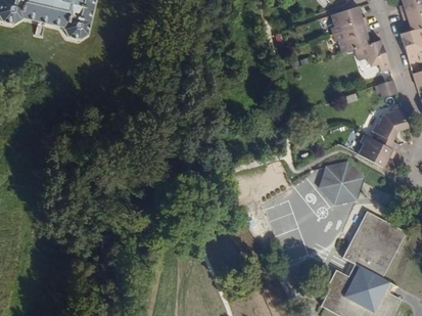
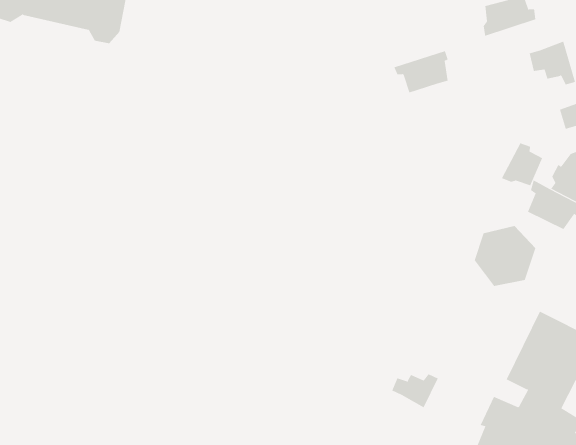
building: [328,22,365,51] -> [394,50,449,93]
building: none -> [501,142,543,186]
building: none -> [391,373,438,408]

